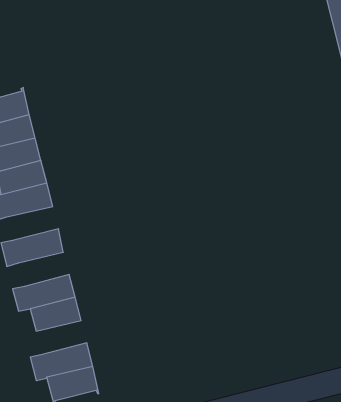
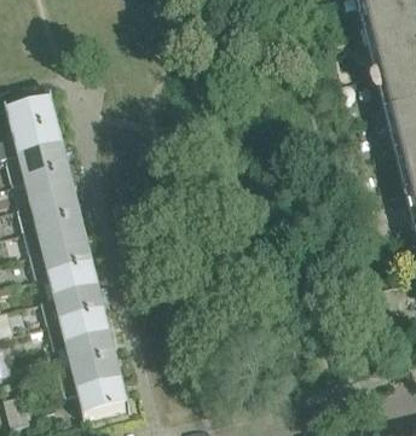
building: none -> [35,217,88,252]
building: none -> [47,264,99,300]
building: none -> [65,335,117,370]

